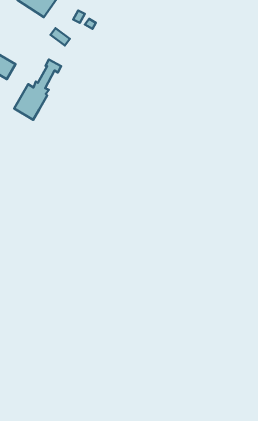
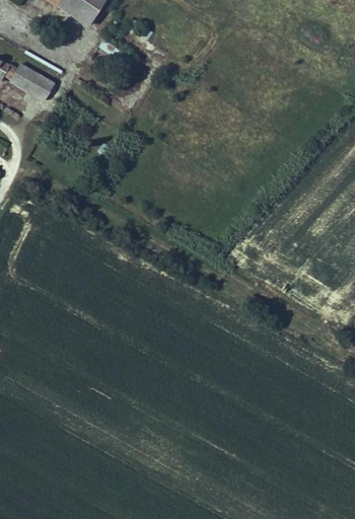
building: [14,60,61,120] -> none

